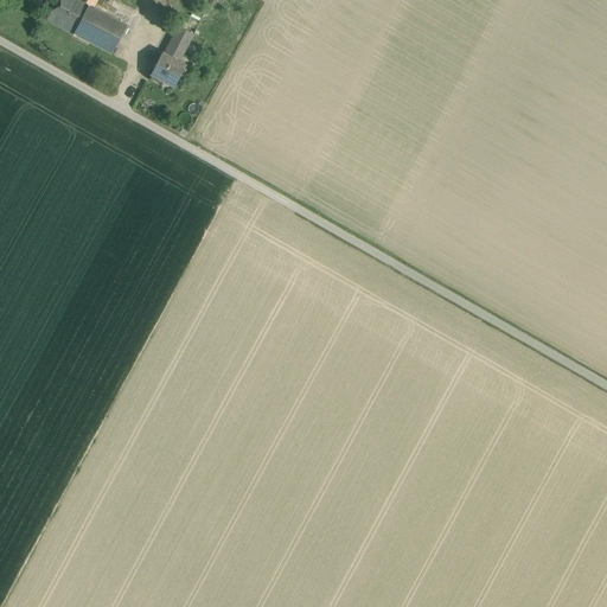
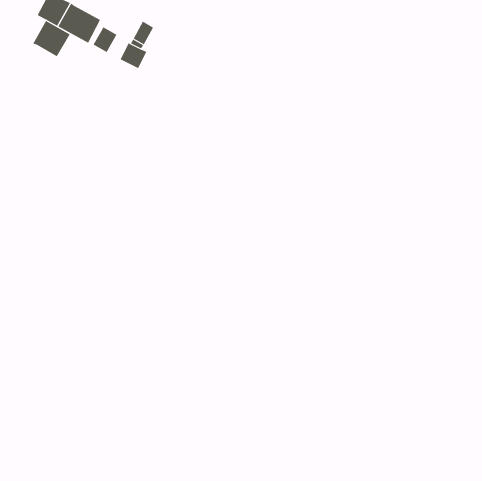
building: none -> [33,20,70,57]
building: none -> [93,27,117,53]

